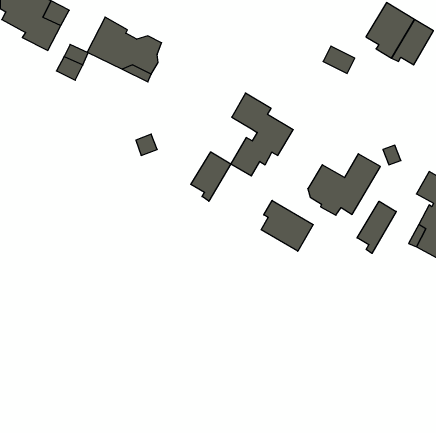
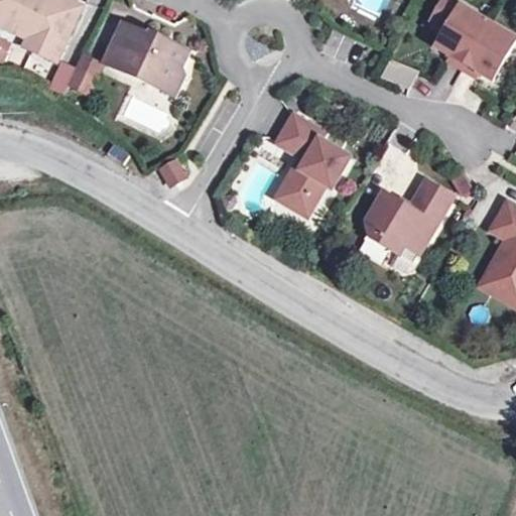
building: [191,152,231,201] -> none
building: [261,200,313,251] -> none
building: [357,201,396,253] -> none

